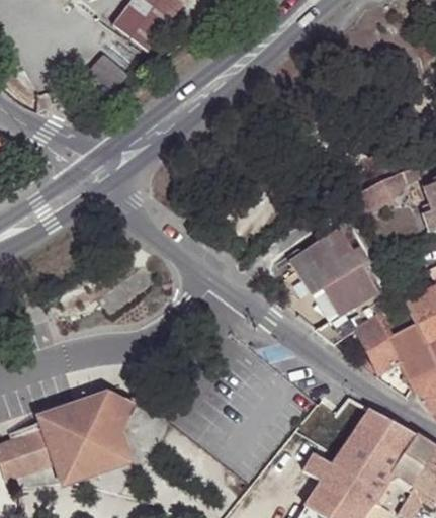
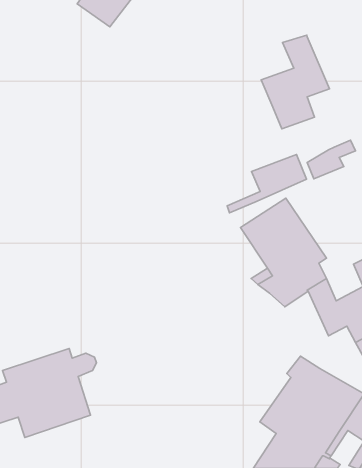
building: [83,57,127,99] -> none
building: none -> [261,35,329,129]
building: none -> [227,155,306,213]

